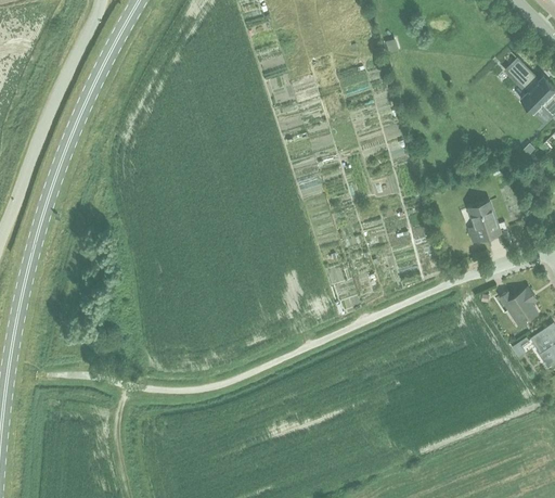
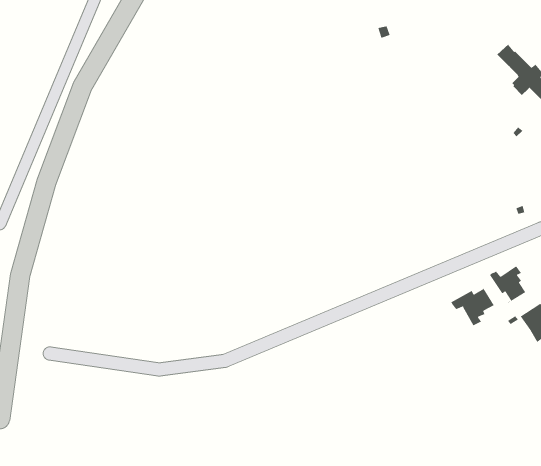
building: [469,202,500,241] -> none
building: none -> [451,284,494,326]

